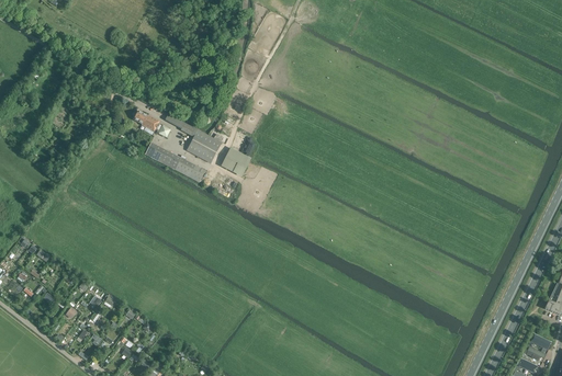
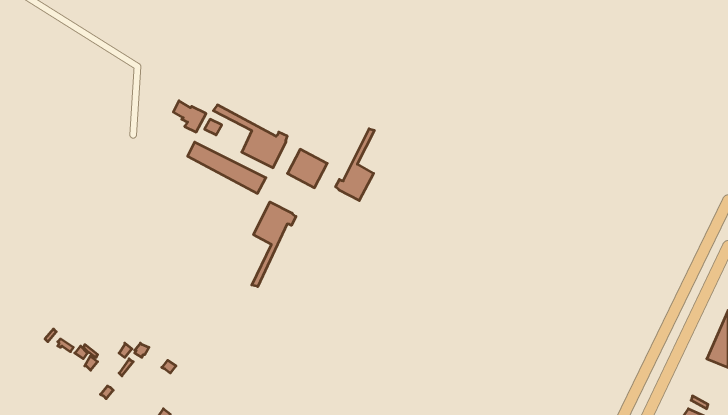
building: none -> [336,129,374,201]
building: none -> [252,202,296,287]

